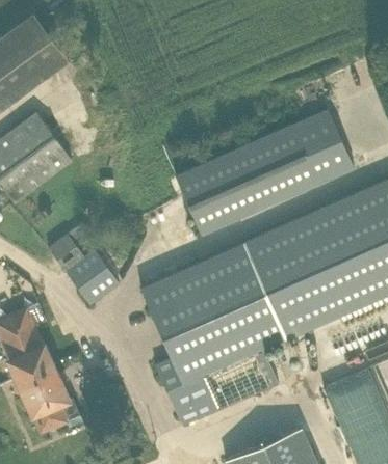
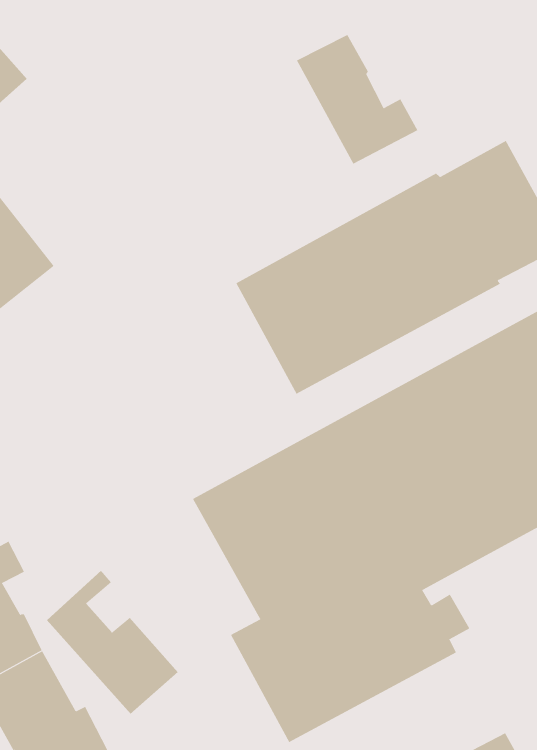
building: none -> [296,34,418,164]
building: [49,224,119,304] -> [46,570,178,714]

